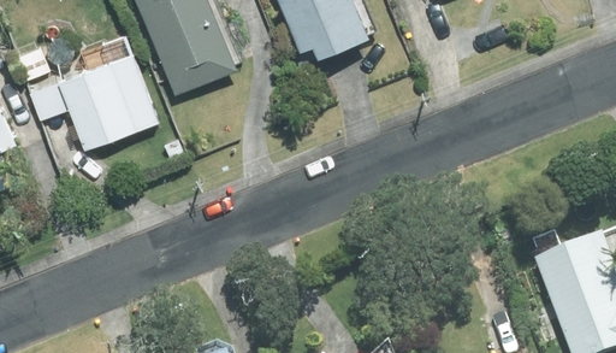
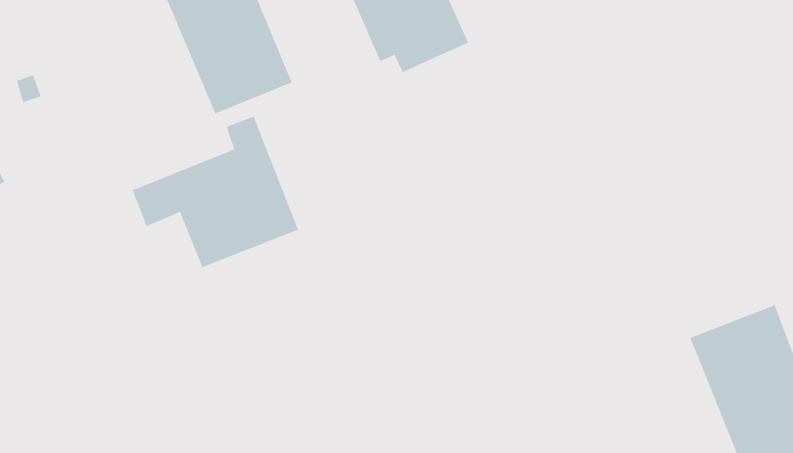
building: [32,35,159,151] -> [132,116,299,268]

